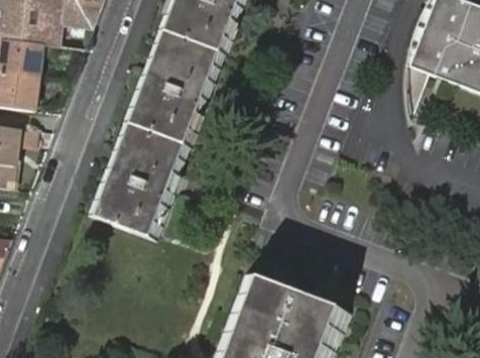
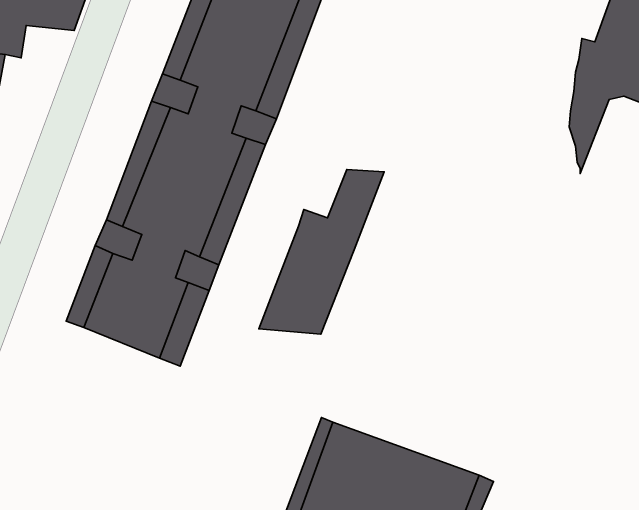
building: none -> [259,169,384,334]

